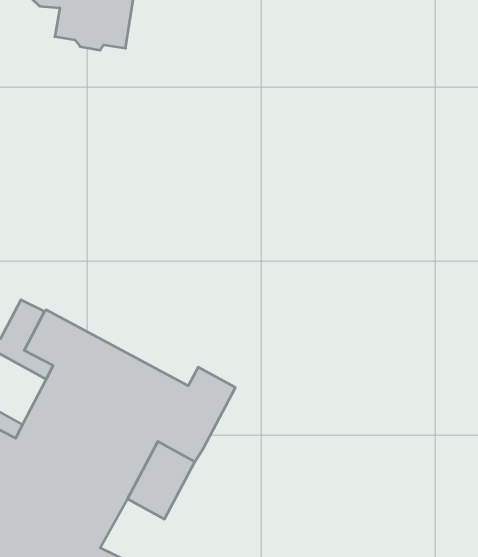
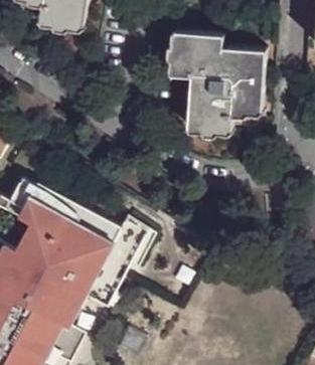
building: none -> [167,31,265,136]

